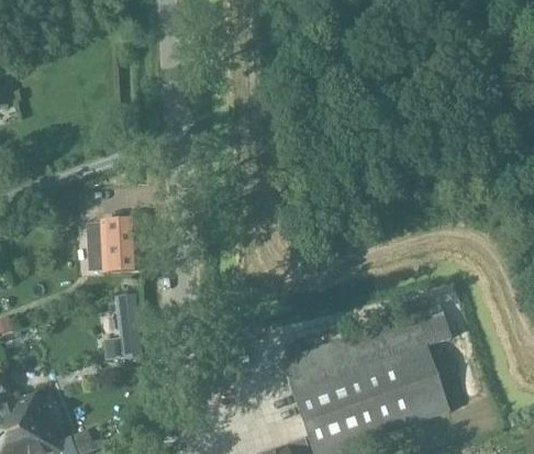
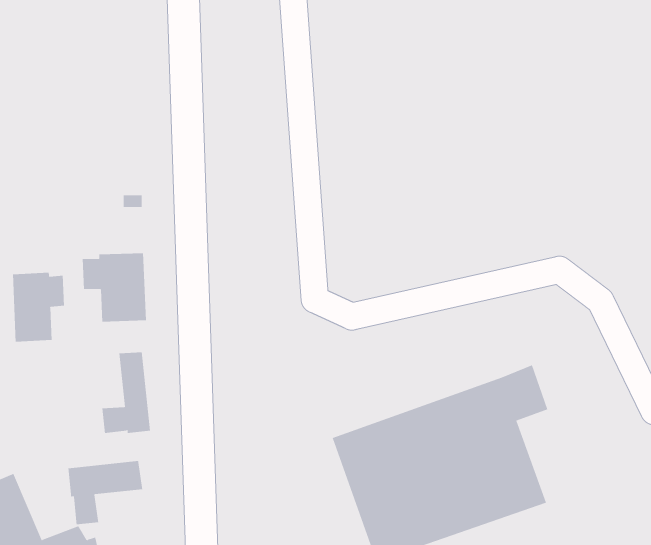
building: none -> [12,272,65,343]
building: none -> [68,460,143,525]

